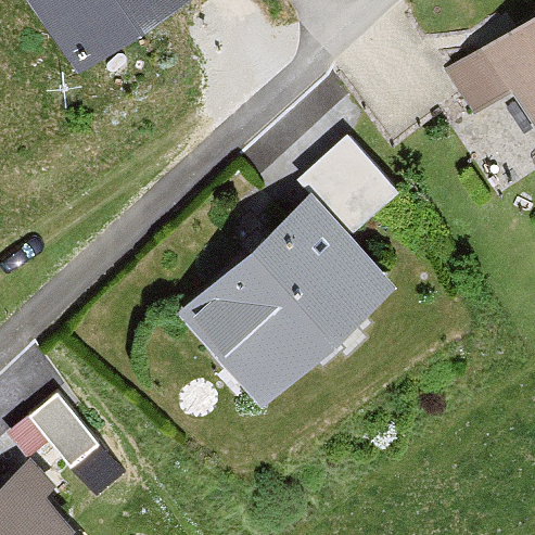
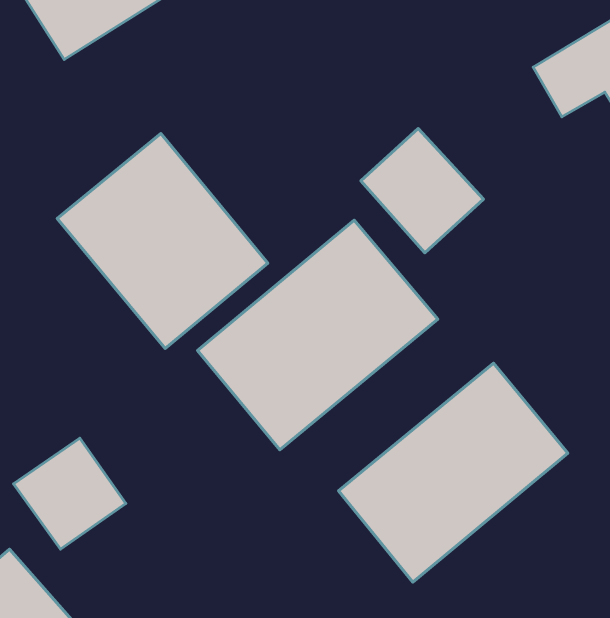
building: none -> [57,133,268,348]
building: none -> [339,363,568,582]

